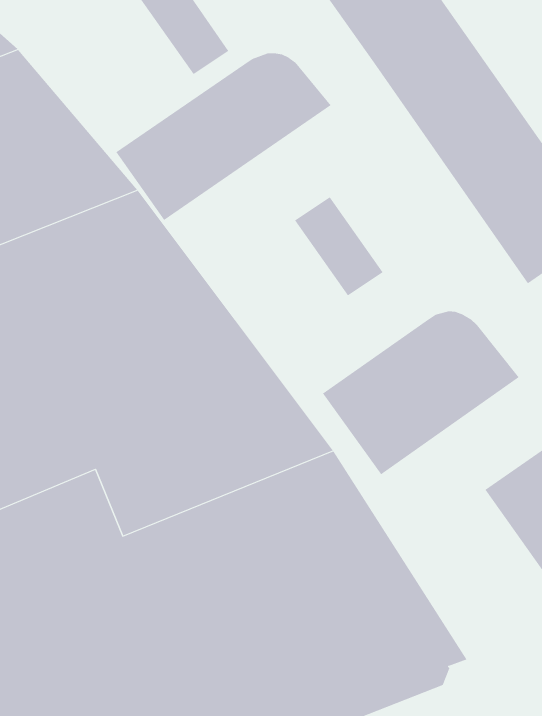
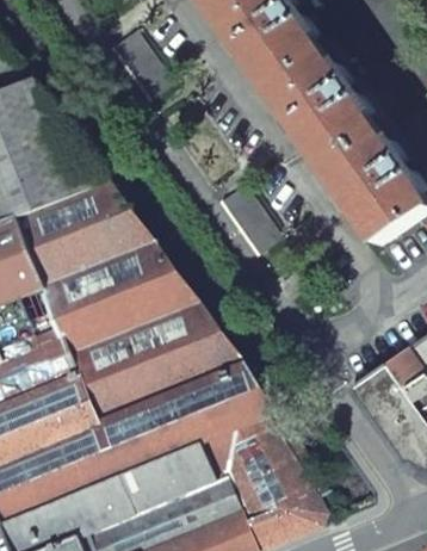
building: [116,52,331,221] -> none
building: [322,310,520,475] -> none

